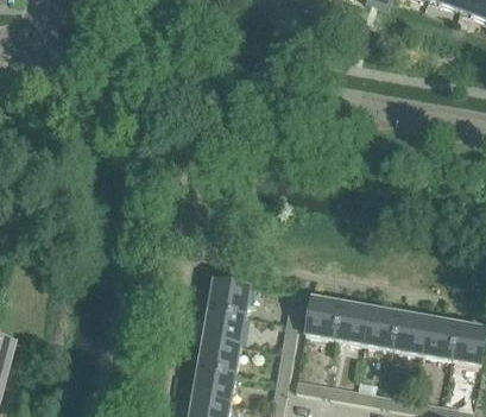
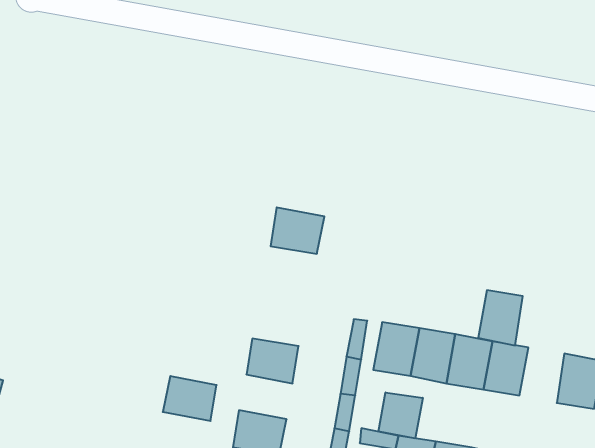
building: [212,276,254,312] -> [271,207,324,254]
building: [424,314,460,358] -> [478,290,523,345]
building: [201,335,244,371] -> [163,376,217,421]
building: none -> [379,392,423,438]

